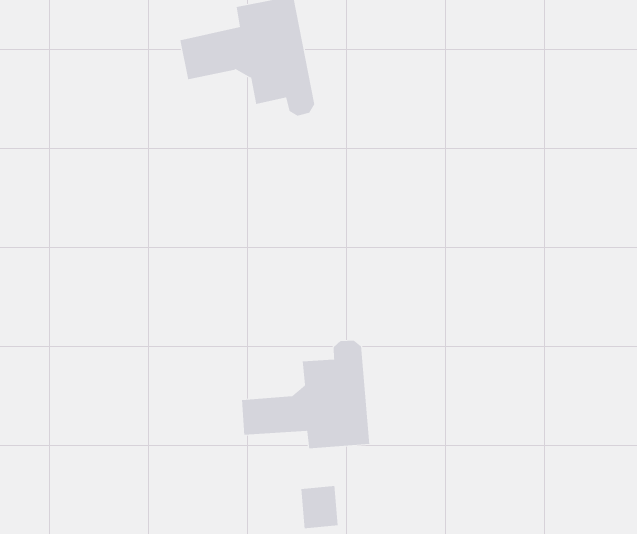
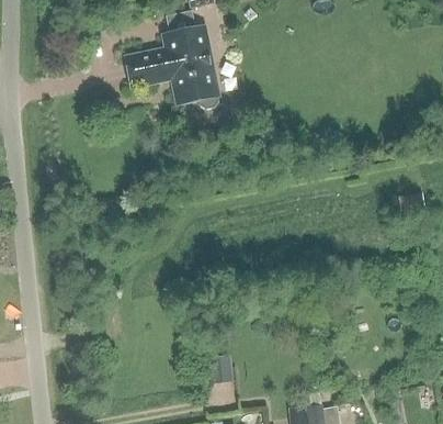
building: [241,340,370,449] -> none

